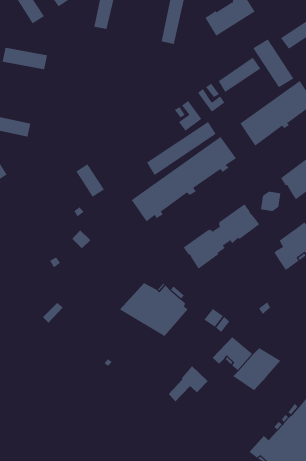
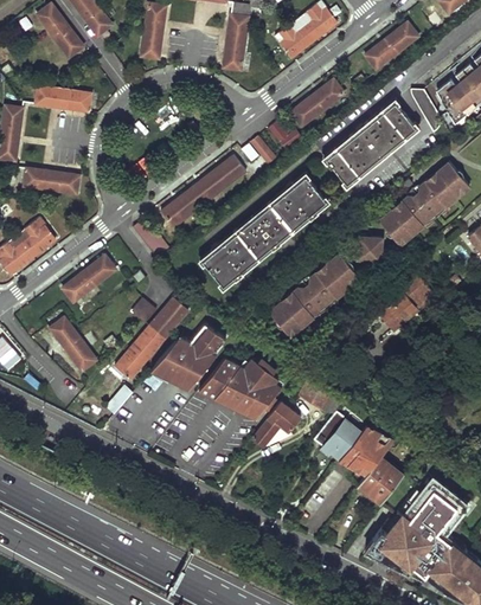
building: [252,38,294,88] -> none
building: [146,121,217,176] -> [167,155,249,225]
building: none -> [66,257,118,303]
building: none -> [120,298,190,378]
building: none -> [56,318,102,369]
building: none -> [150,327,224,390]
building: [168,365,208,403] -> [252,403,300,449]
building: none -> [357,459,402,506]

